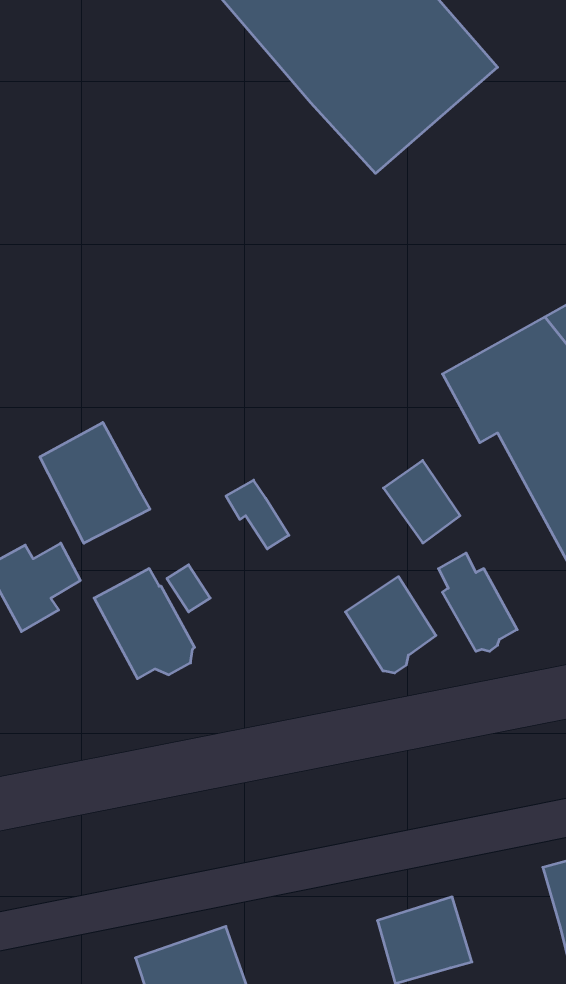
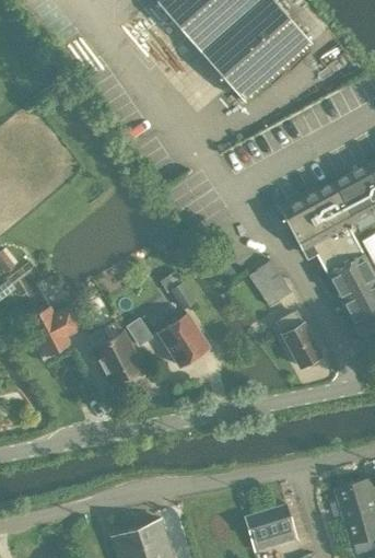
building: [40,422,150,543] -> none
building: [345,577,436,673] -> [160,312,210,365]

